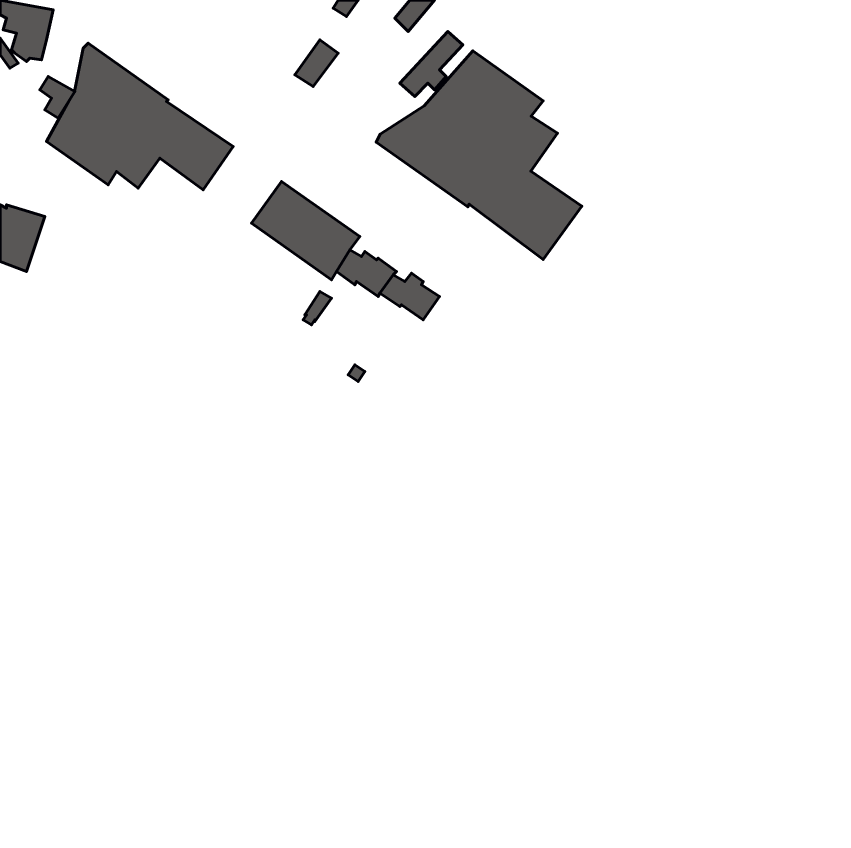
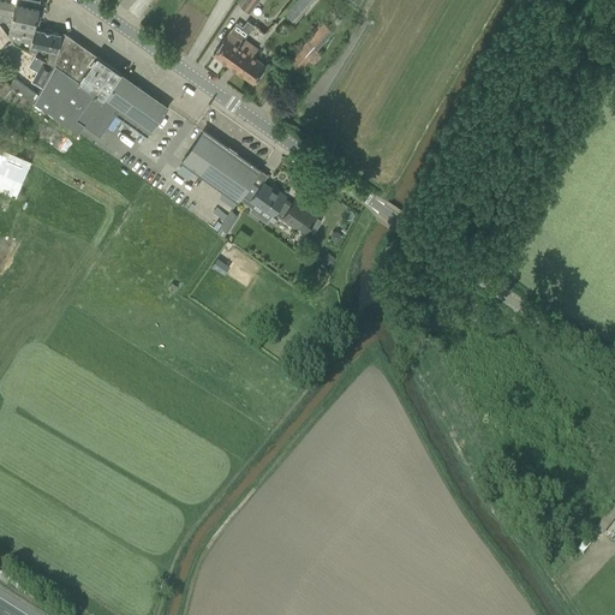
building: none -> [28,31,60,67]
building: [376,51,582,259] -> none
building: none -> [226,41,264,84]

